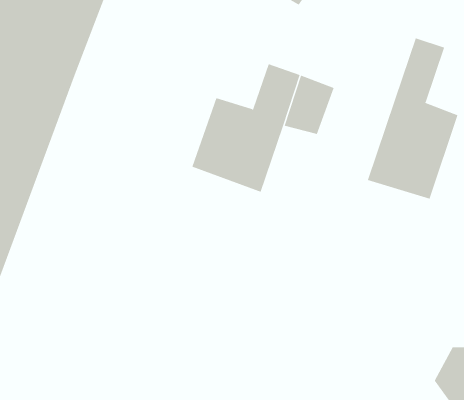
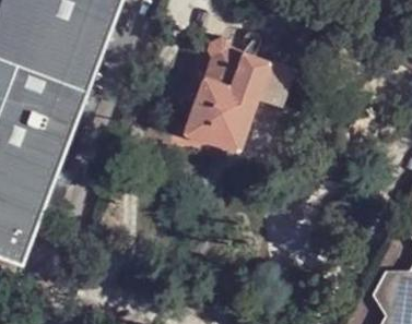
building: [367,38,458,200] -> none
building: none -> [204,37,245,87]

